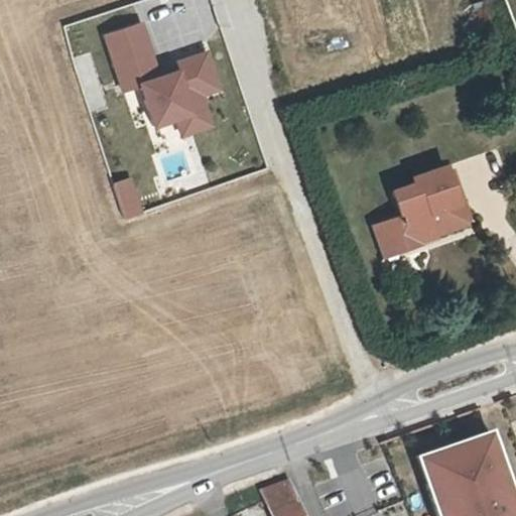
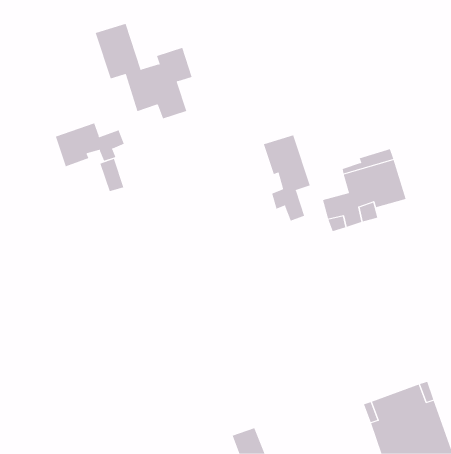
building: none -> [55,122,124,167]
building: none -> [263,134,310,221]

